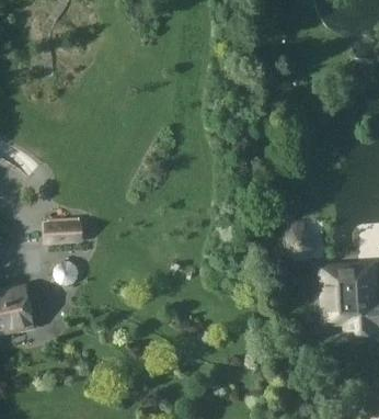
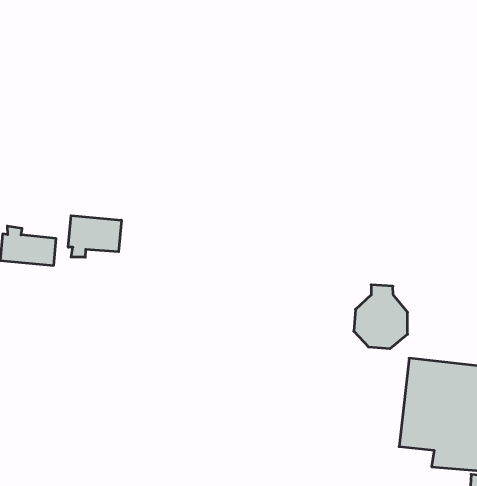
building: none -> [68,216,121,257]

